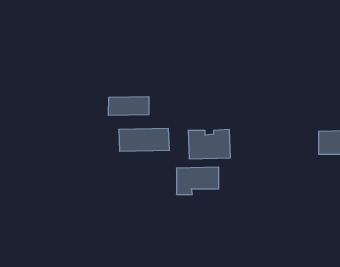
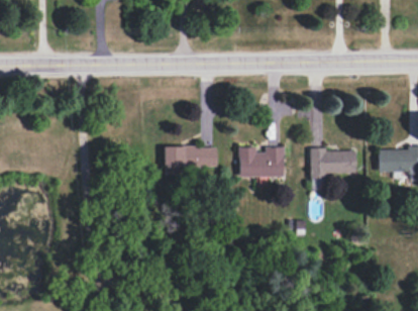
building: [109,97,149,115] -> none
building: [176,167,219,194] -> [310,149,355,179]

